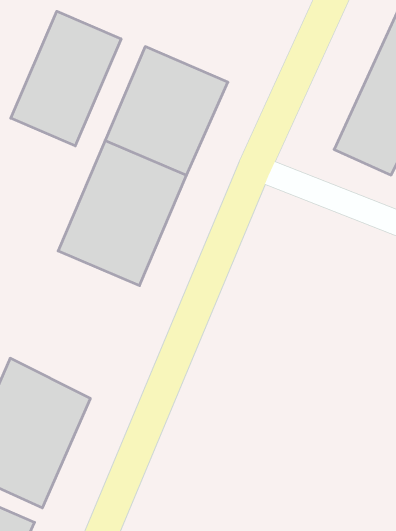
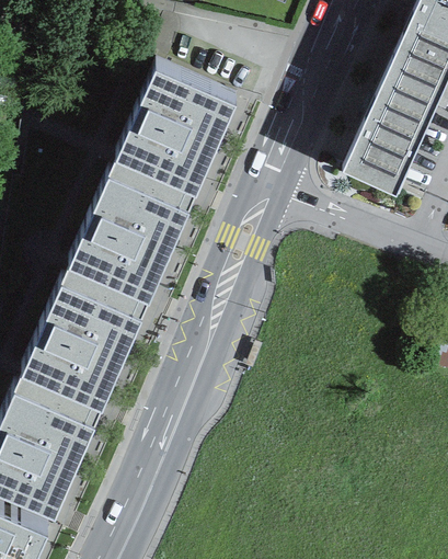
building: [11,11,121,146] -> none
building: none -> [24,263,151,408]

